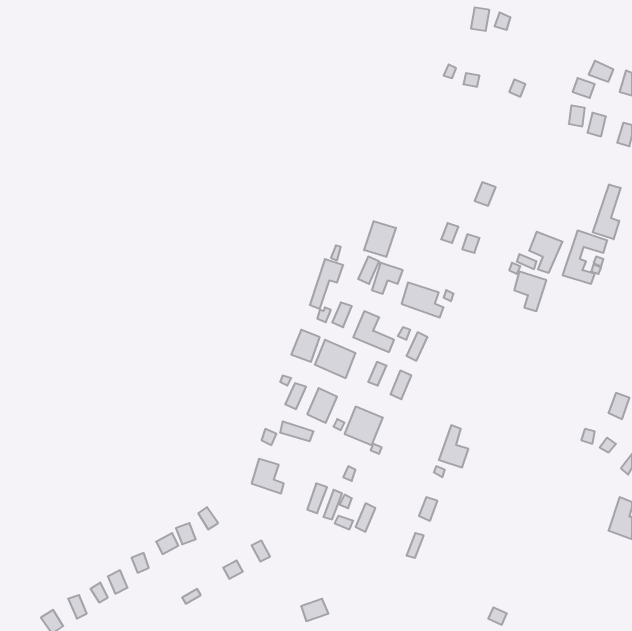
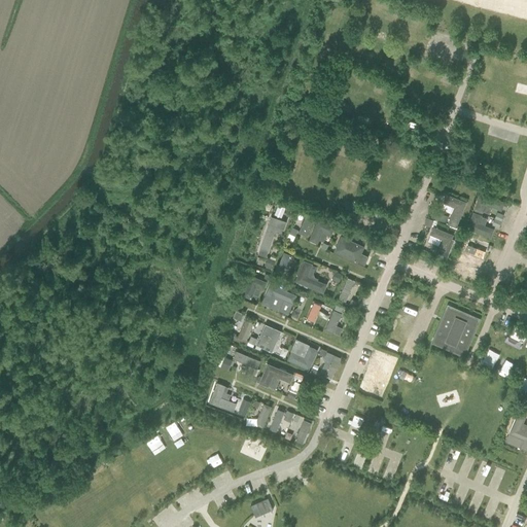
building: [593,184,621,239] -> none
building: [364,221,396,257] -> none
building: none -> [432,310,475,357]
building: none -> [258,364,294,390]

